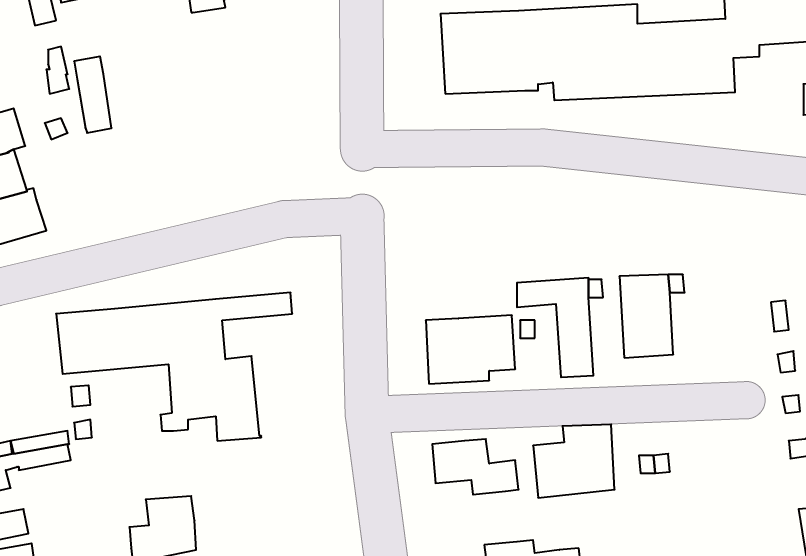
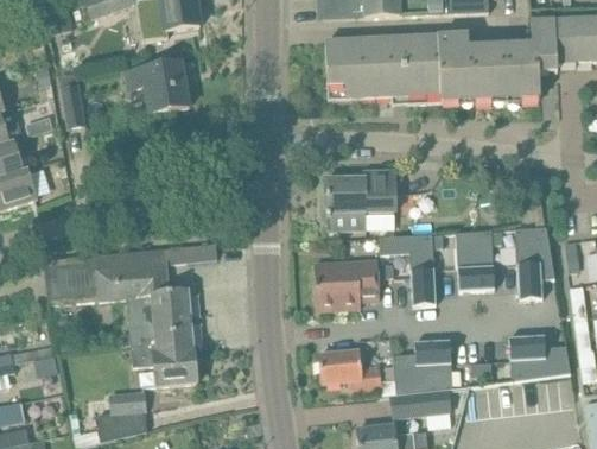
building: none -> [125,61,189,113]
building: none -> [324,170,395,229]
building: none -> [514,227,554,299]
building: none -> [129,334,196,385]
building: none -> [508,335,570,380]
building: none -> [389,392,450,417]

